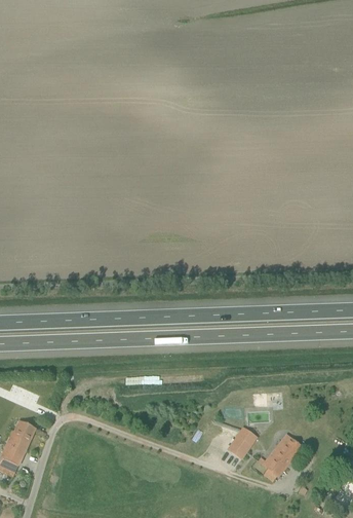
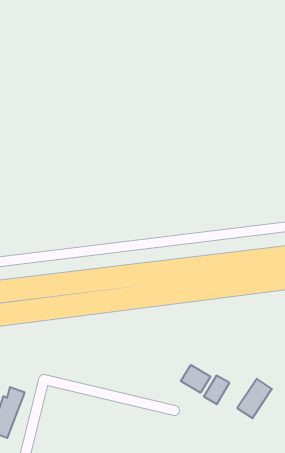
building: none -> [181,365,210,393]

